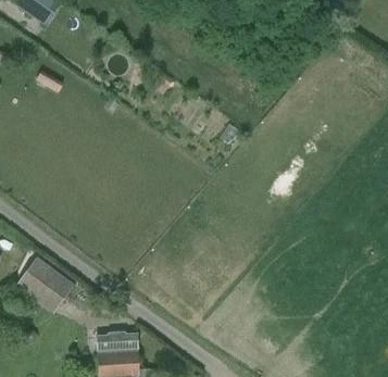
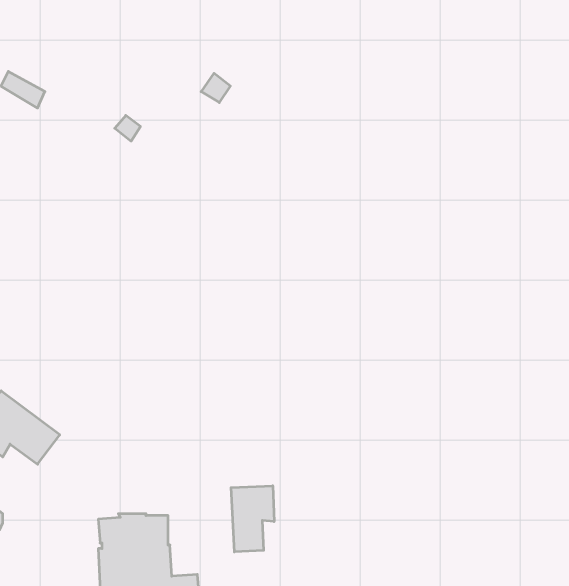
building: none -> [231,486,274,552]

